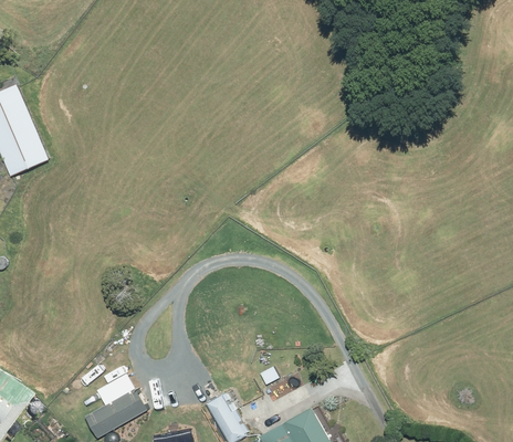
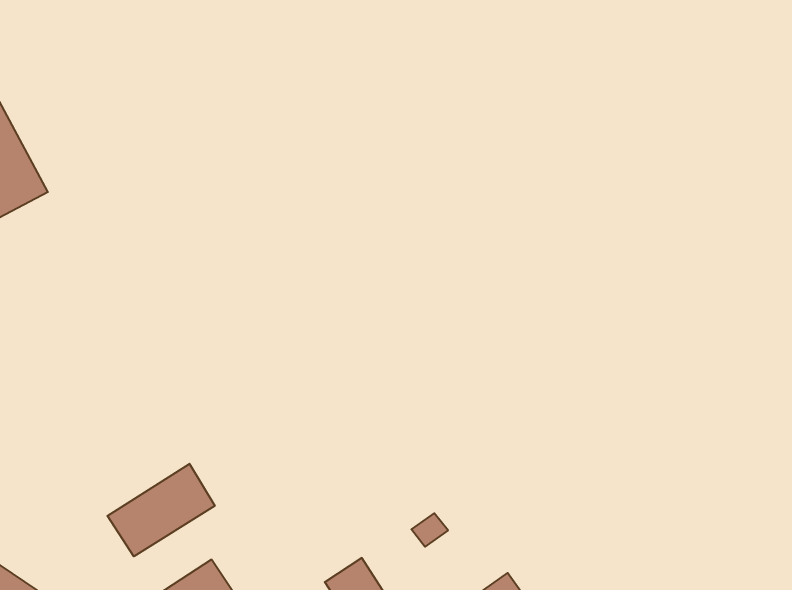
building: none -> [107,464,215,556]

